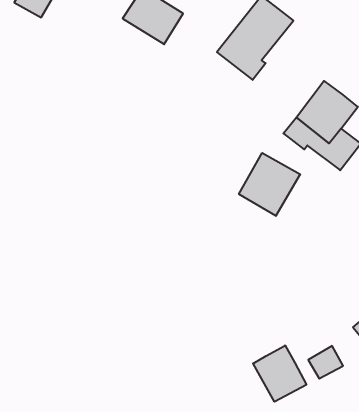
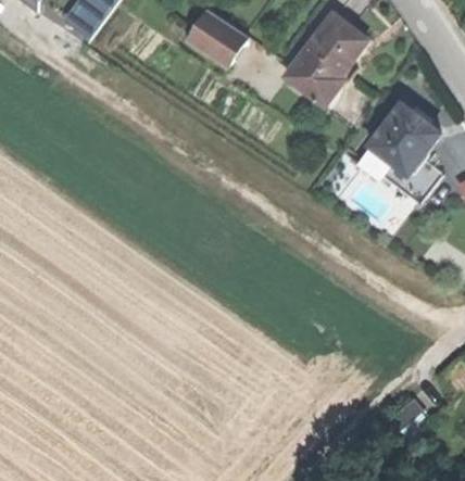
building: [239,153,300,216] -> none
building: [253,345,306,402] -> none

